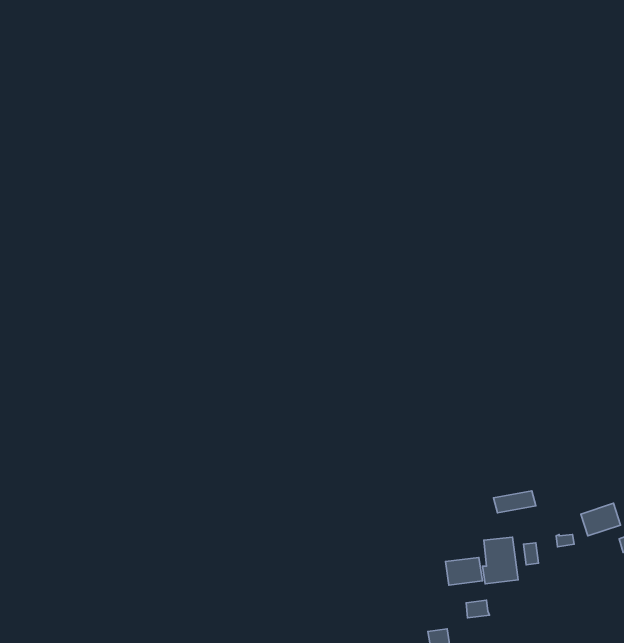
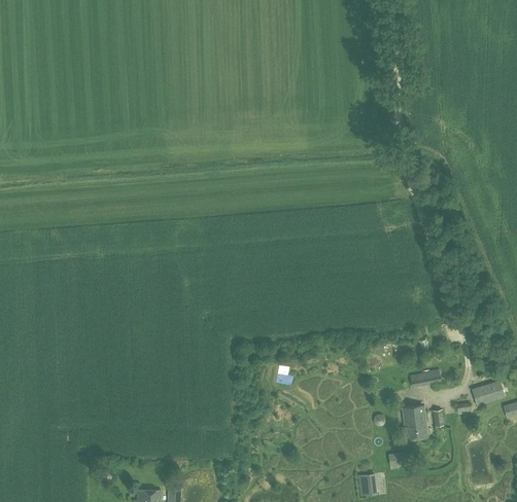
building: [446,557,482,585] -> none

